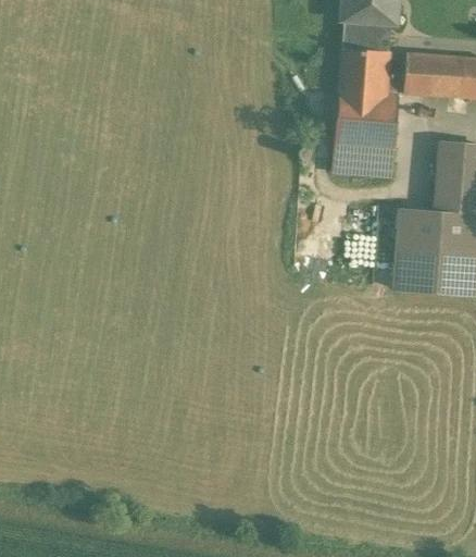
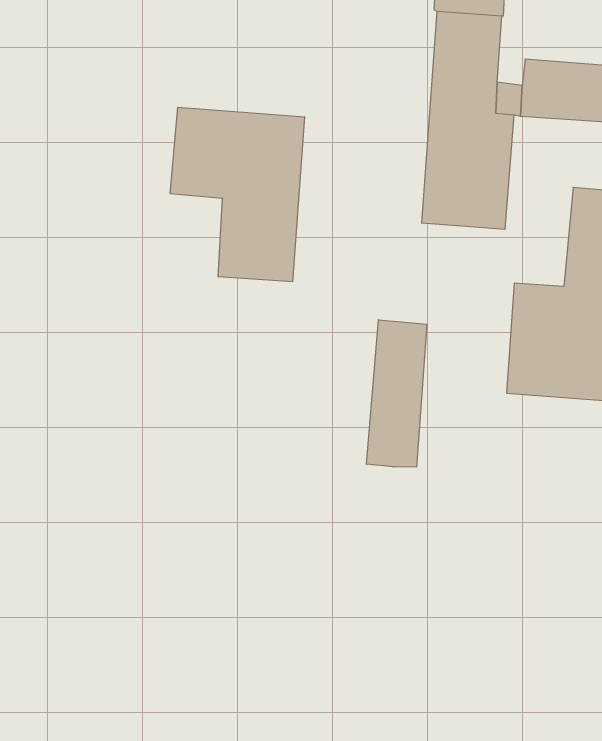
building: none -> [170,107,304,282]
building: none -> [367,320,427,467]

